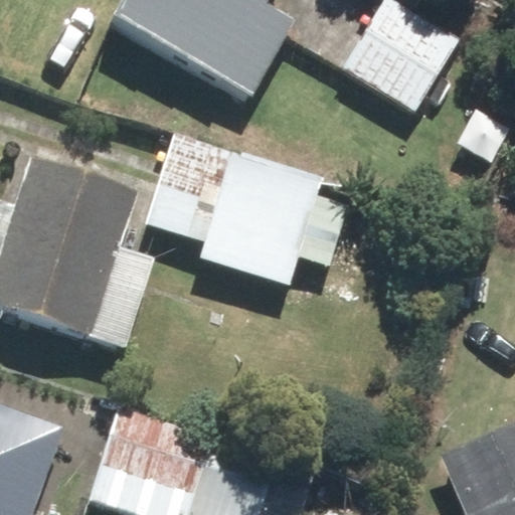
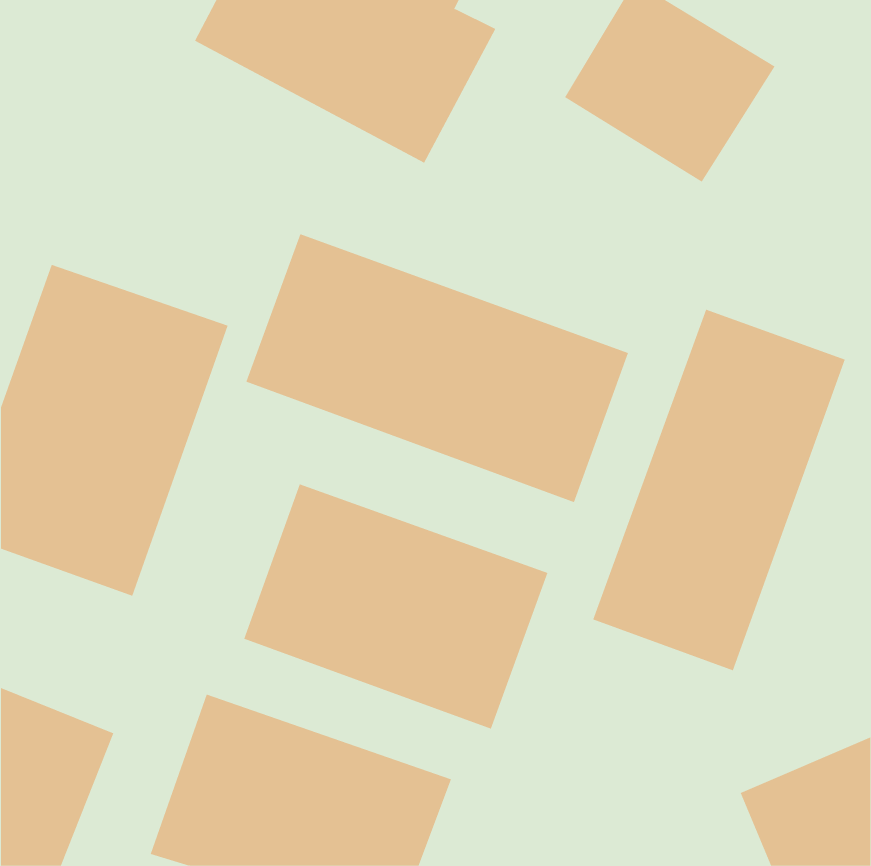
building: none -> [592,309,845,671]
building: none -> [243,483,548,730]

